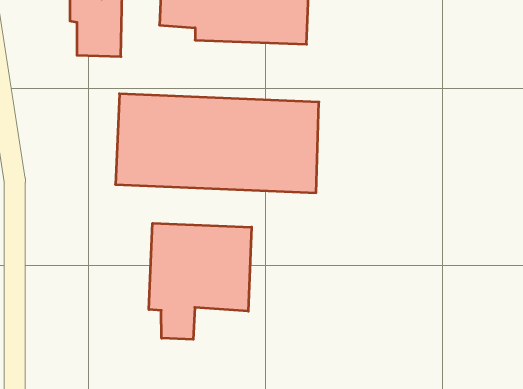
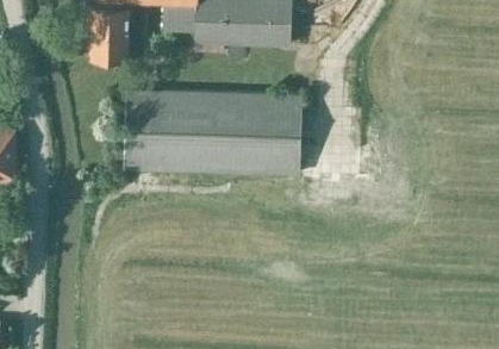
building: [149,223,252,339] -> none

